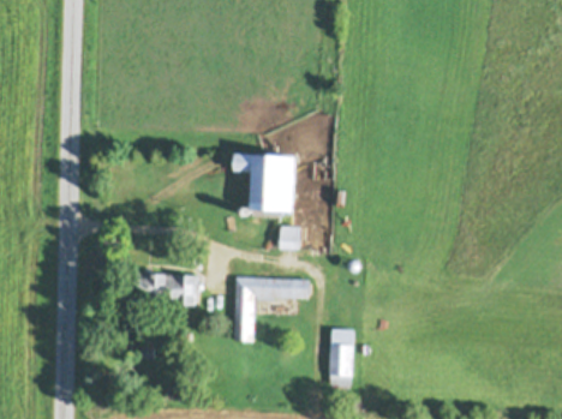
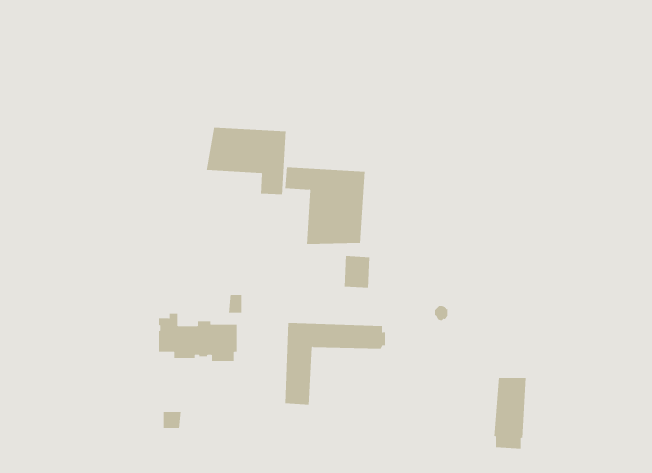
building: none -> [206,127,286,195]
building: [329,328,354,383] -> [494,377,526,449]

